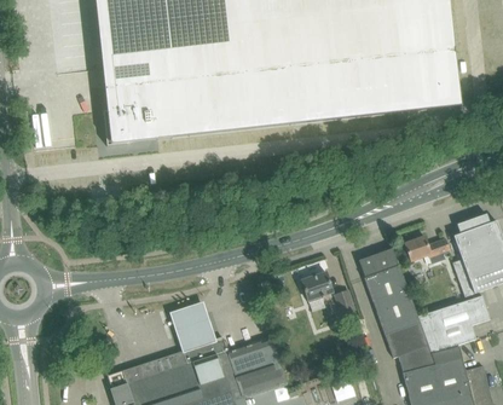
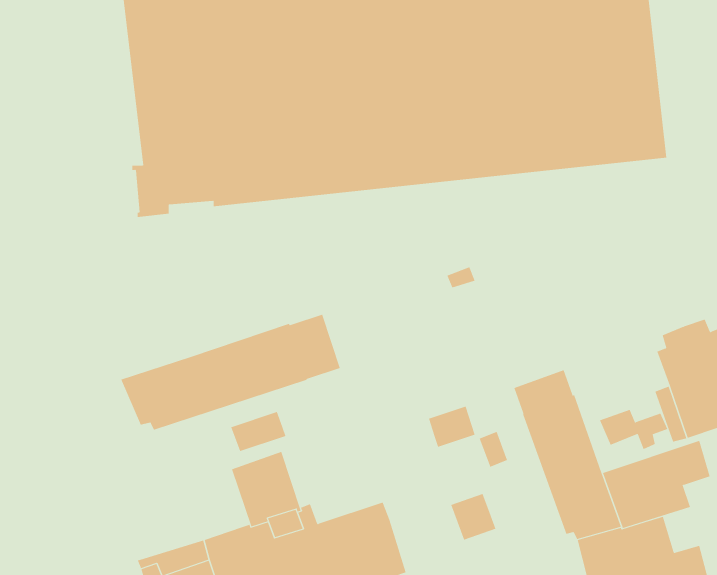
building: none -> [121,314,341,430]
building: [404,237,450,265] -> [599,409,668,451]
building: none -> [231,411,286,452]
building: none -> [451,493,496,540]

